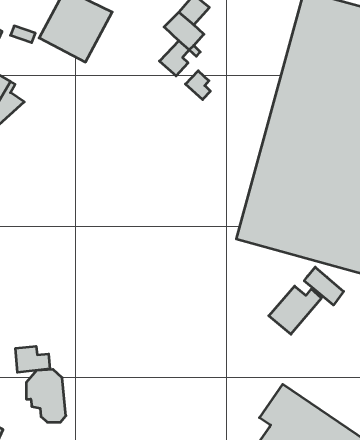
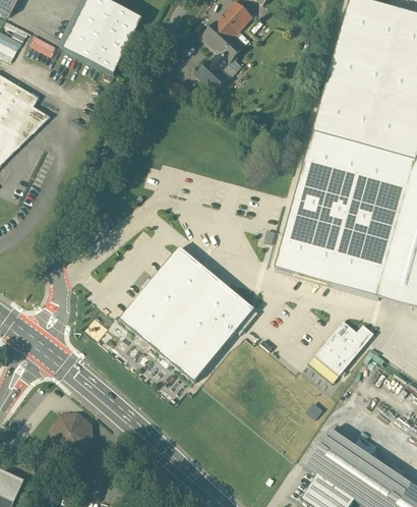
building: [185,71,210,100] -> none
building: none -> [118,245,253,381]
building: [304,267,344,305] -> none
building: [16,346,50,372] -> none

